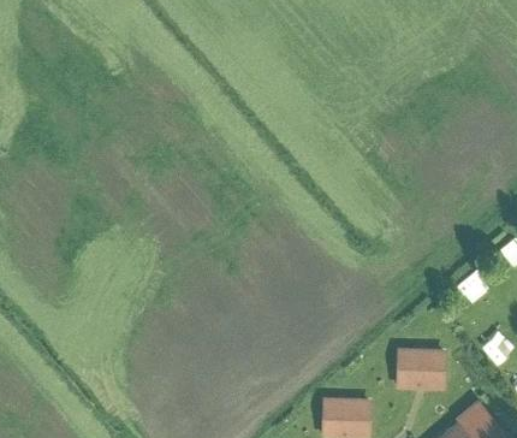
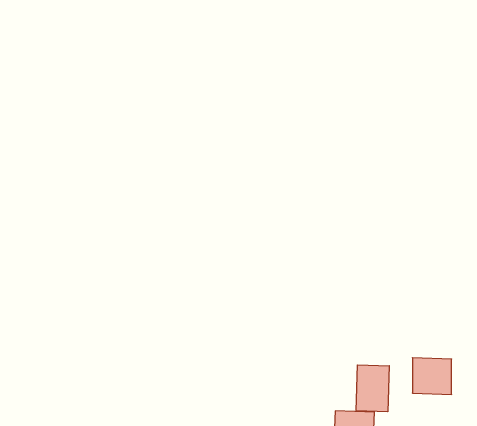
building: none -> [356,365,389,412]

